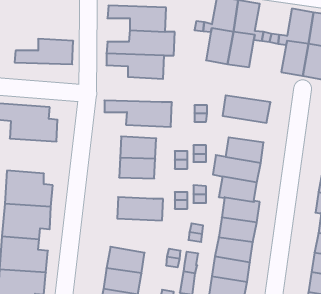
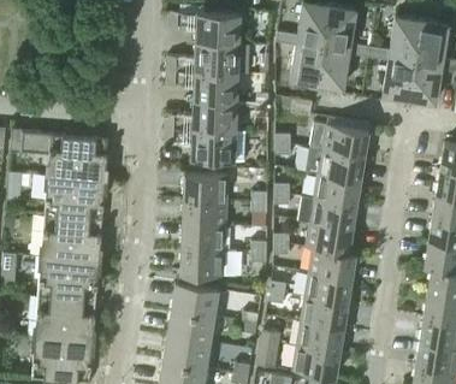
building: [15,39,73,64] -> [165,100,237,131]
building: none -> [306,148,365,181]
building: none -> [45,176,106,219]
building: none -> [182,224,226,250]
building: none -> [172,283,219,317]

